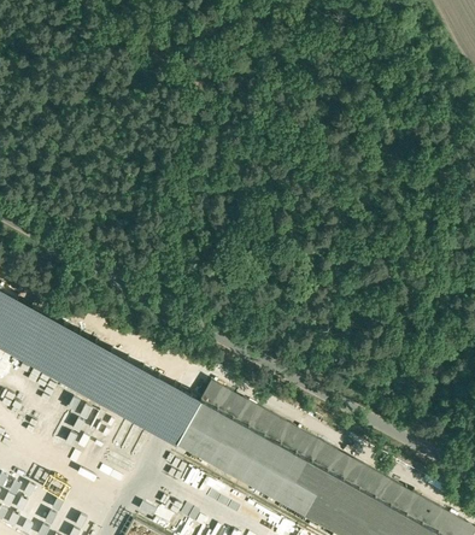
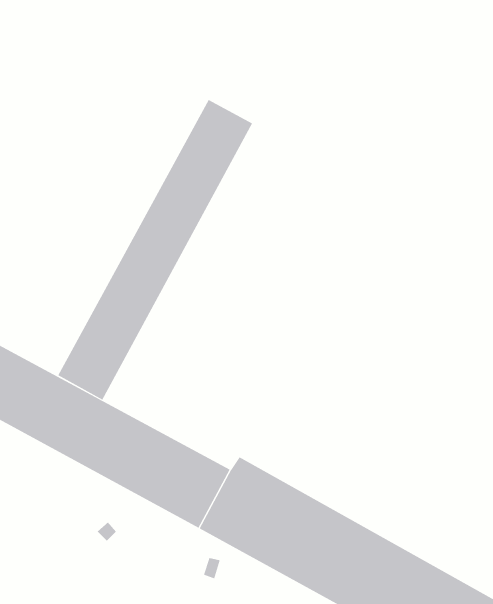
building: none -> [57,99,253,400]

